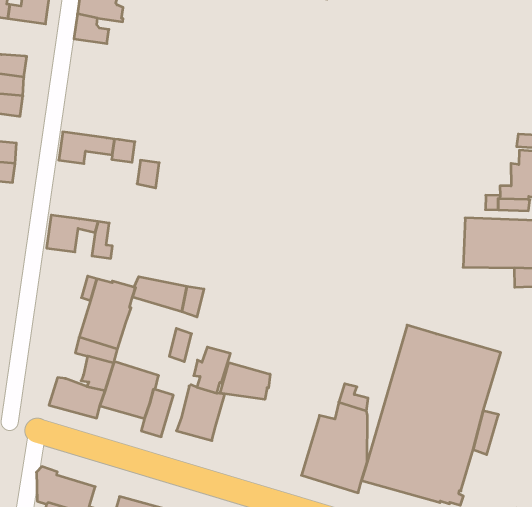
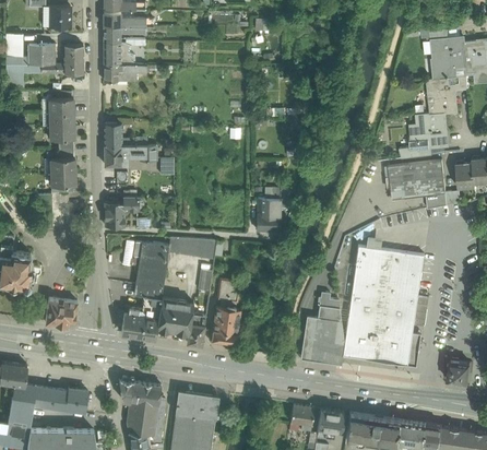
building: none -> [104,125,135,146]
building: none -> [257,200,280,232]
building: [220,363,270,399] -> none

